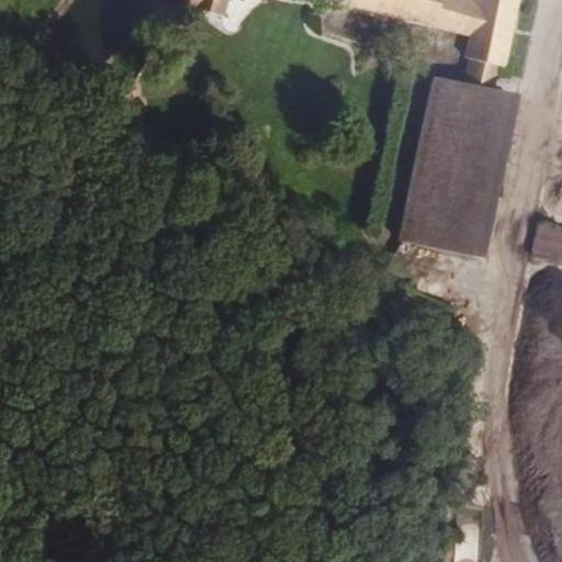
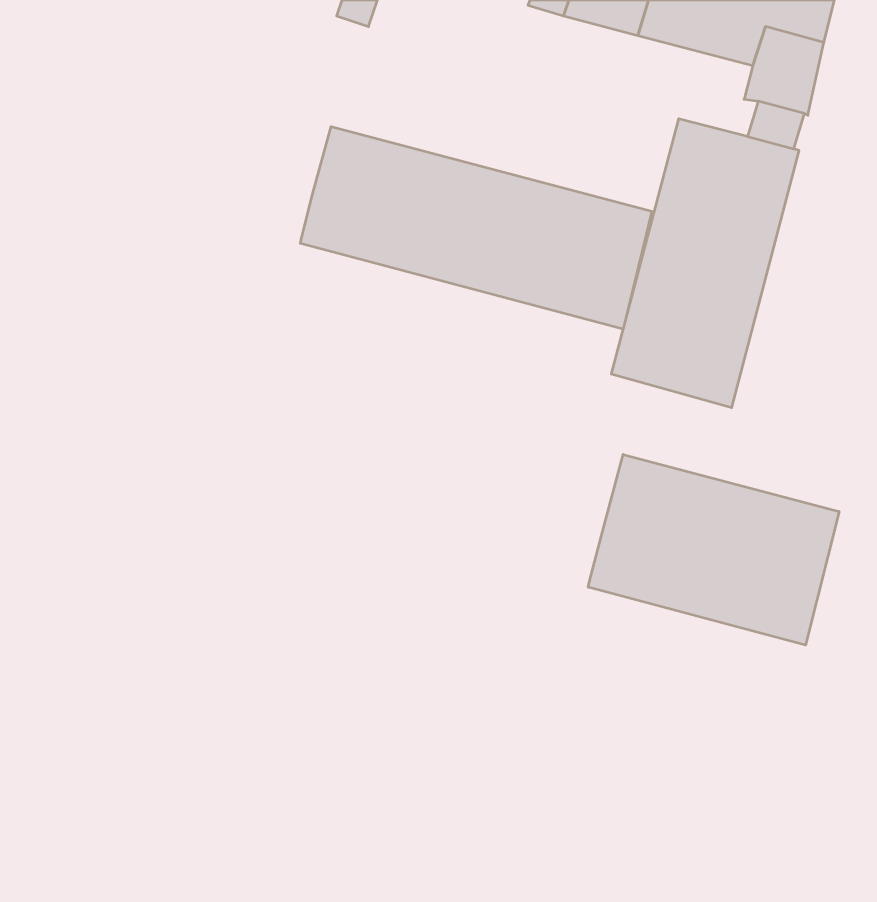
building: none -> [300,127,652,329]
building: none -> [588,454,839,645]

